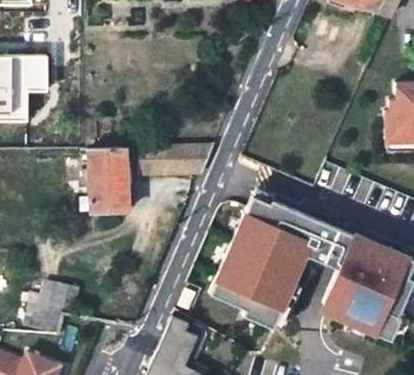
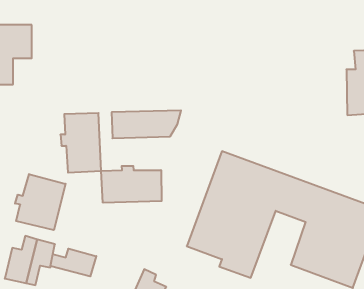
building: none -> [101,166,162,203]
building: none -> [15,174,66,230]
building: none -> [50,249,96,276]

